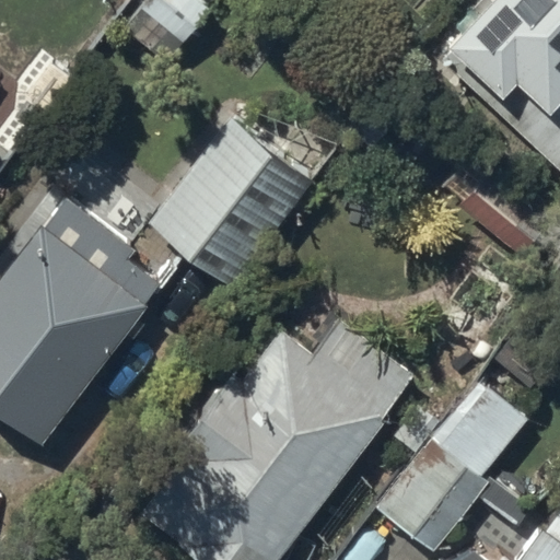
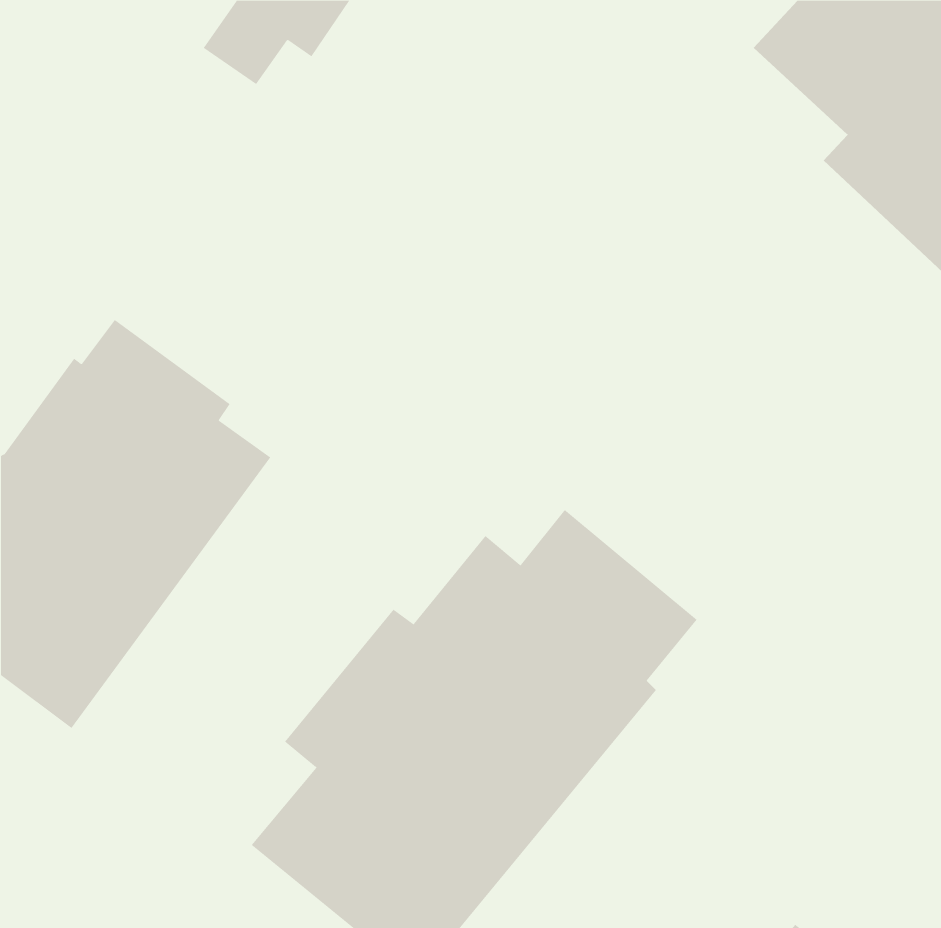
building: [153,118,311,281] -> none
building: [377,382,526,553] -> none

